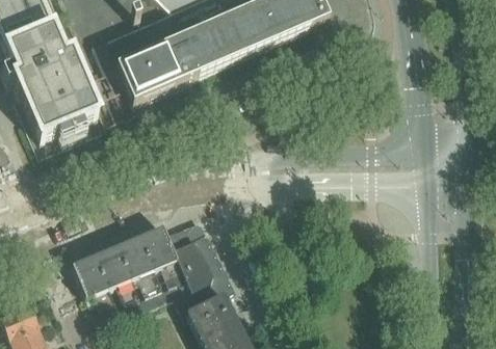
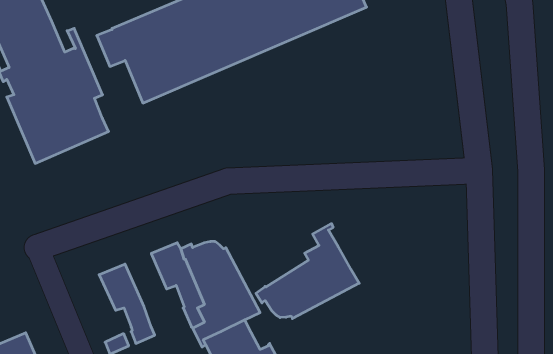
building: none -> [256,224,359,319]
building: [118,235,167,304] -> none
building: [72,253,115,307] -> none

